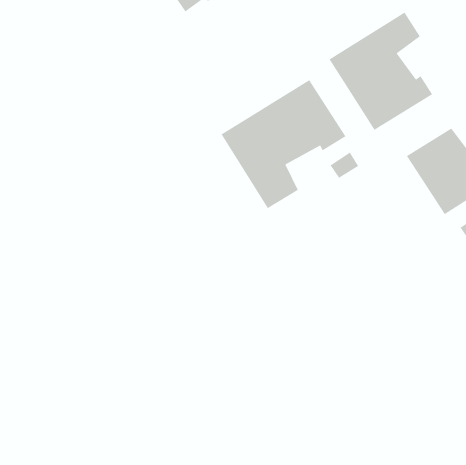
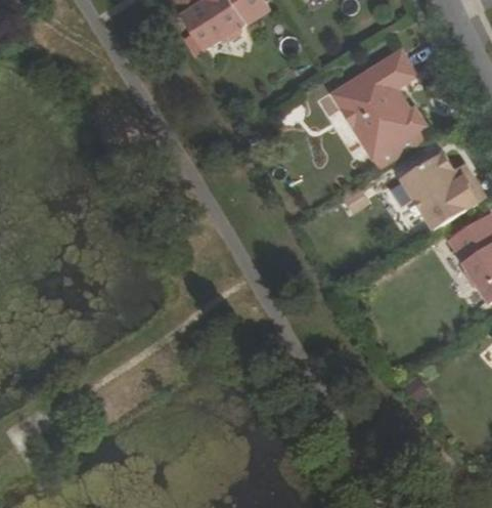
building: [221,79,347,209] -> none

